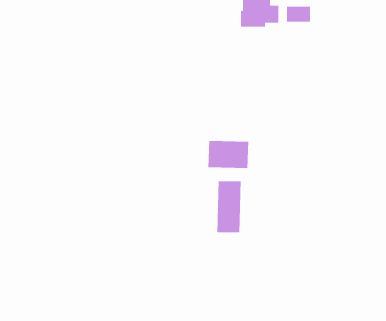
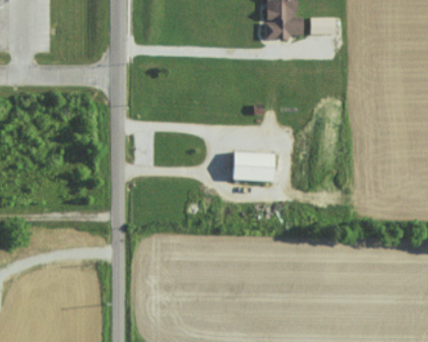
building: [217,180,242,233] -> none

